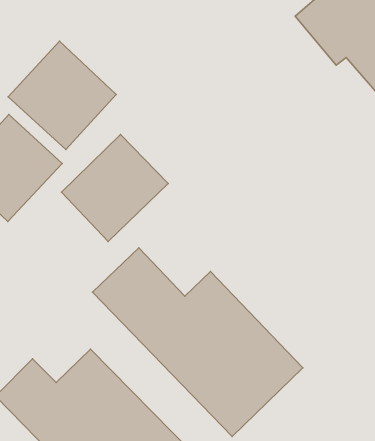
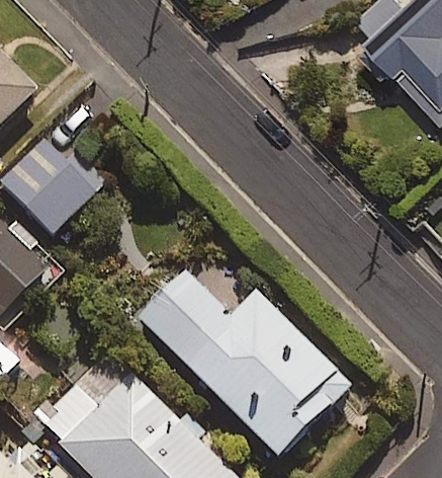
building: [8,41,116,150] -> none
building: [62,135,168,241] -> none

